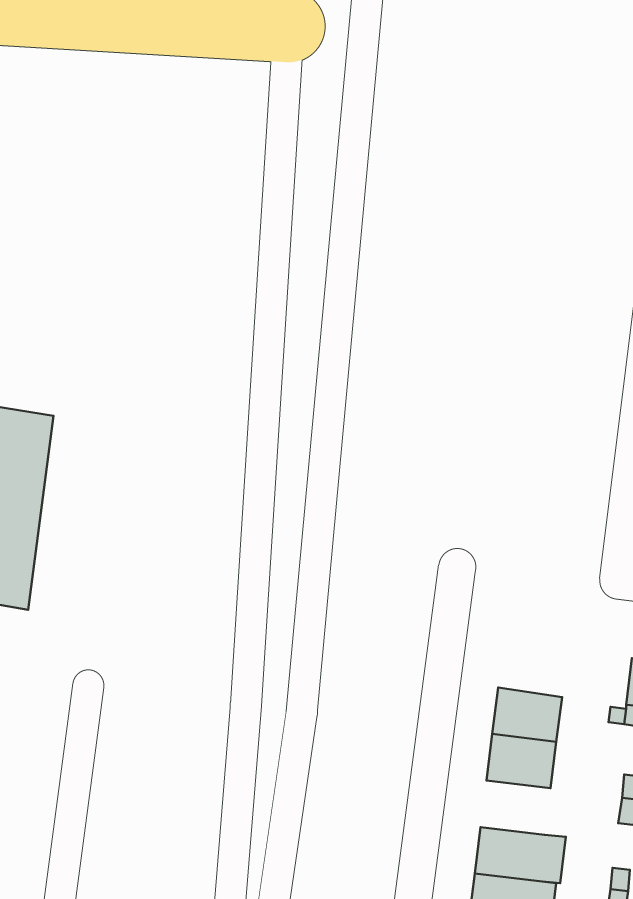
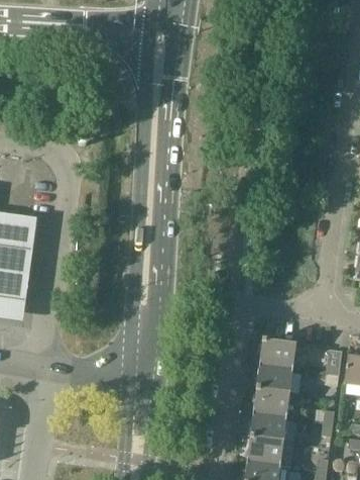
building: none -> [260,340,296,369]
building: none -> [251,412,287,441]

